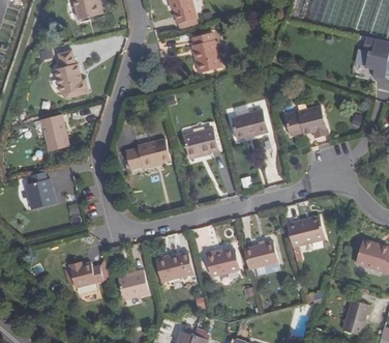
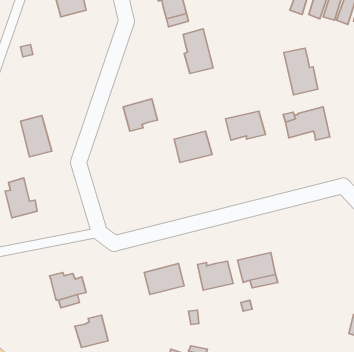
building: none -> [284,48,318,95]
building: [55,51,87,94] -> none
building: [138,140,170,170] -> [123,99,158,131]
building: [286,217,323,247] -> none
building: [117,266,148,296] -> [75,315,108,347]

